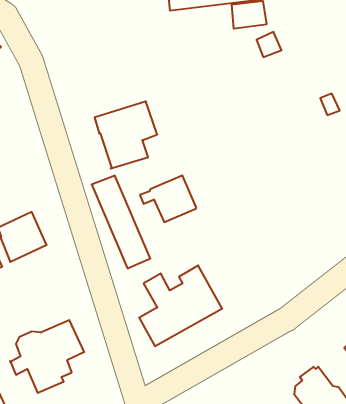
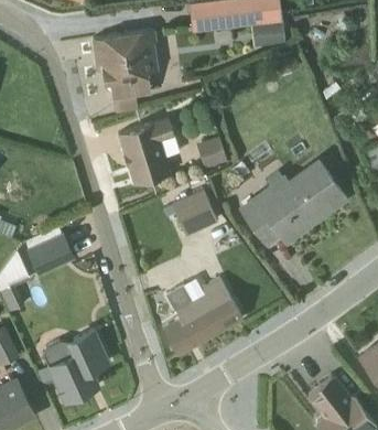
building: none -> [94,31,159,114]
building: none -> [197,138,227,169]
building: none -> [239,158,346,244]
building: [92,175,150,269] -> none

